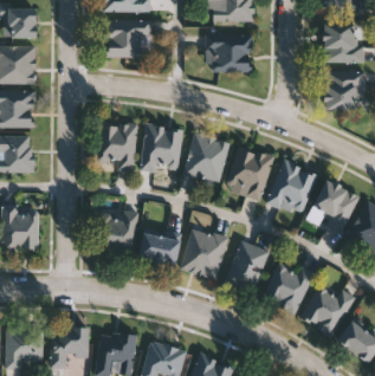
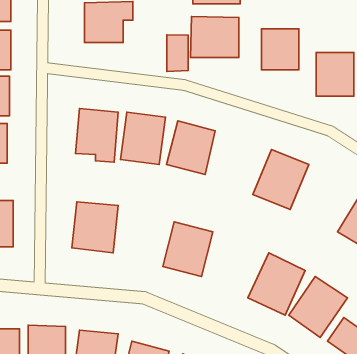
building: [323,24,358,63] -> [261,29,299,70]
building: none -> [167,35,188,72]
building: [226,145,274,201] -> none
building: [309,180,358,232] -> none
building: [138,232,180,265] -> none
building: [226,241,270,293] -> none

